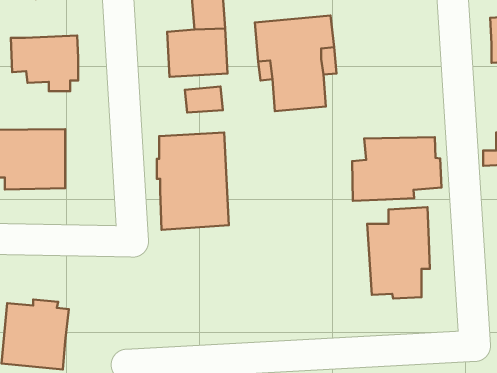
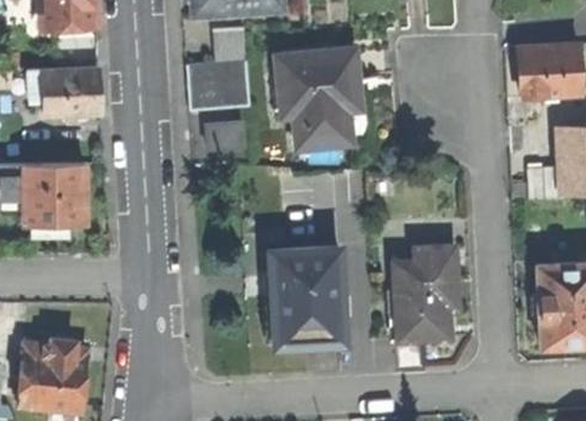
building: [157,133,229,230] -> [268,245,342,345]
building: [352,137,441,201] -> none

